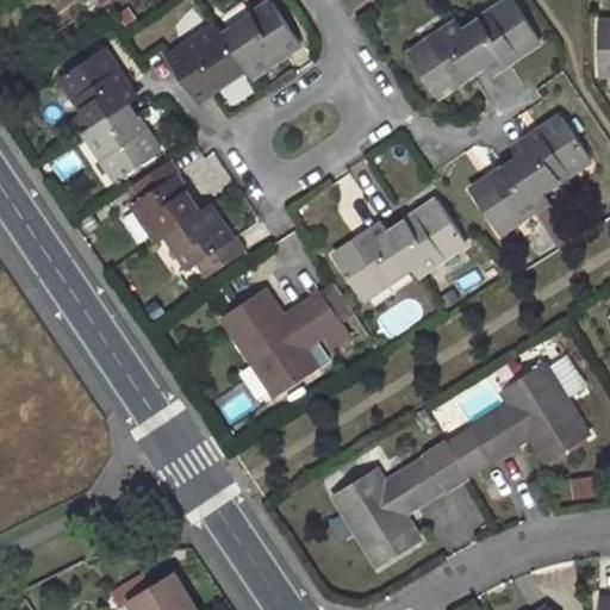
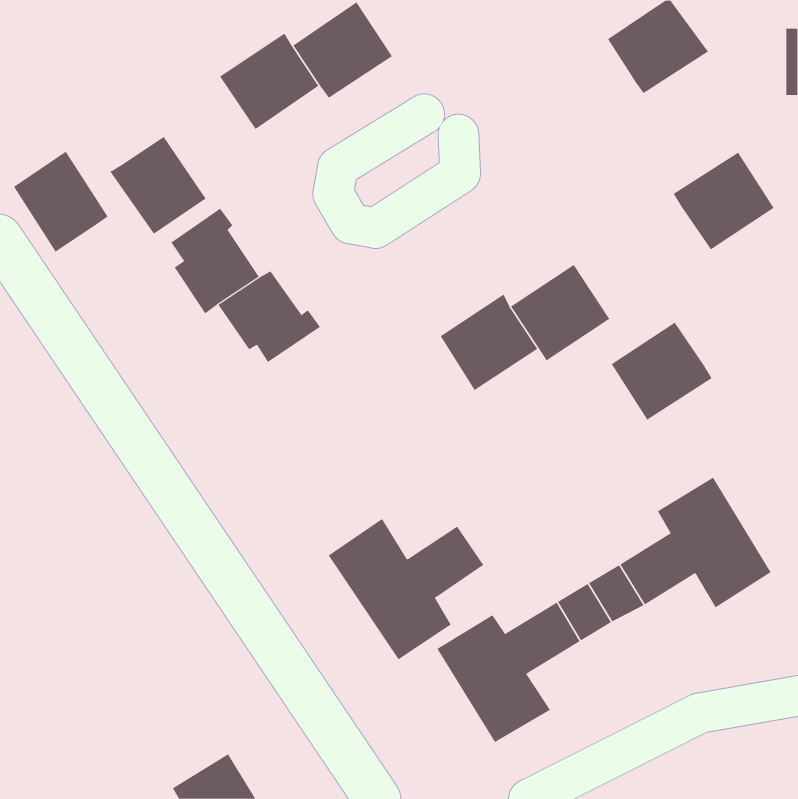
building: [407,23,484,97] -> none
building: [61,48,133,125] -> [13,151,109,252]
building: [469,157,547,232] -> [611,322,713,420]
building: [222,287,341,396] -> [328,518,484,660]

